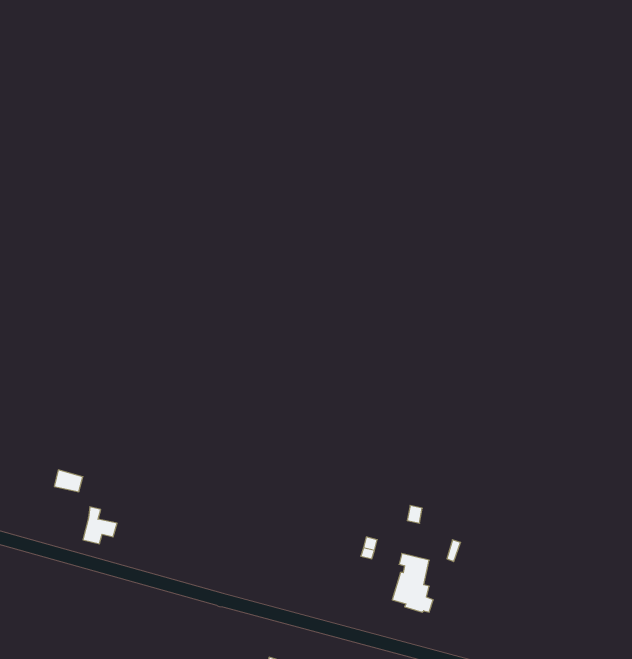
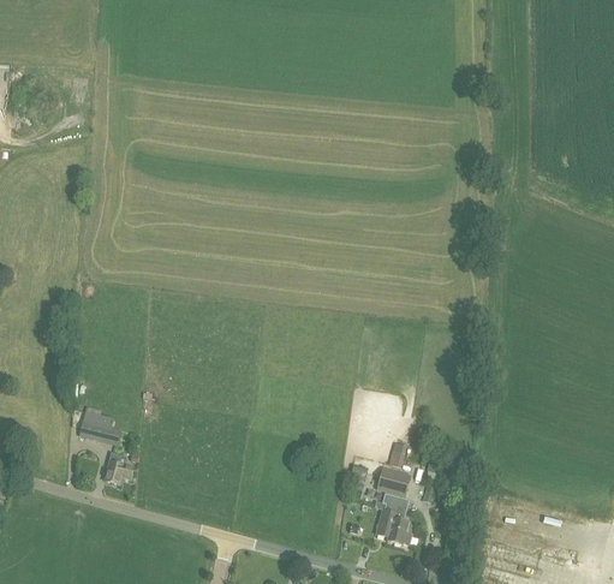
building: none -> [376,465,410,494]

